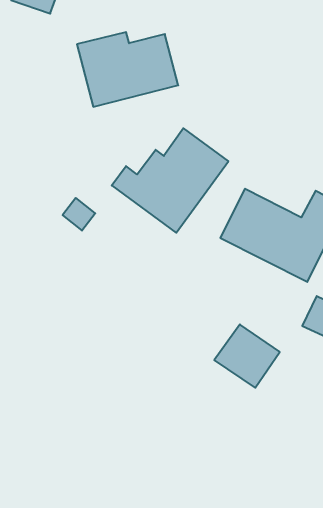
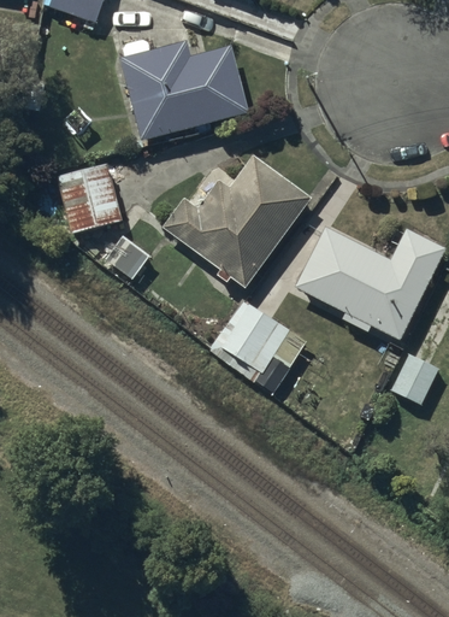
building: none -> [60,165,122,233]
building: [214,324,280,388] -> [223,308,300,383]

